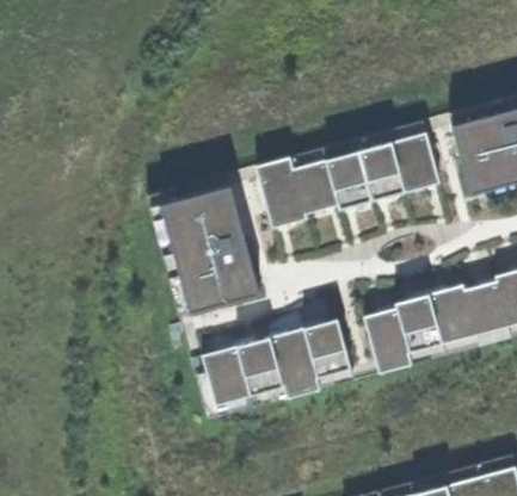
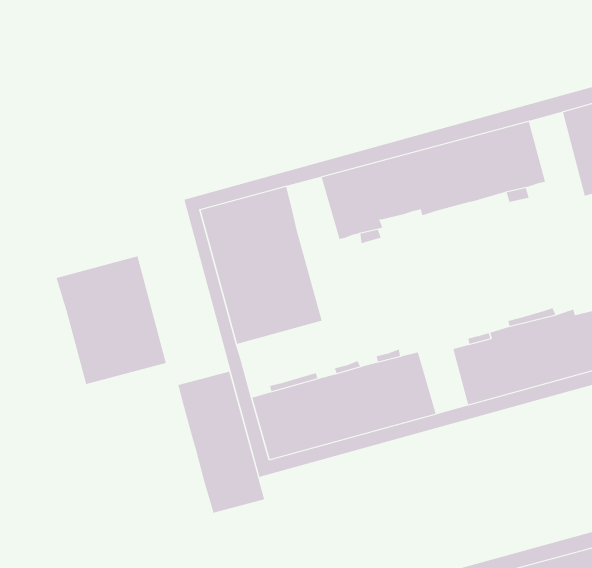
building: none -> [56,255,167,385]
building: none -> [178,371,265,513]

